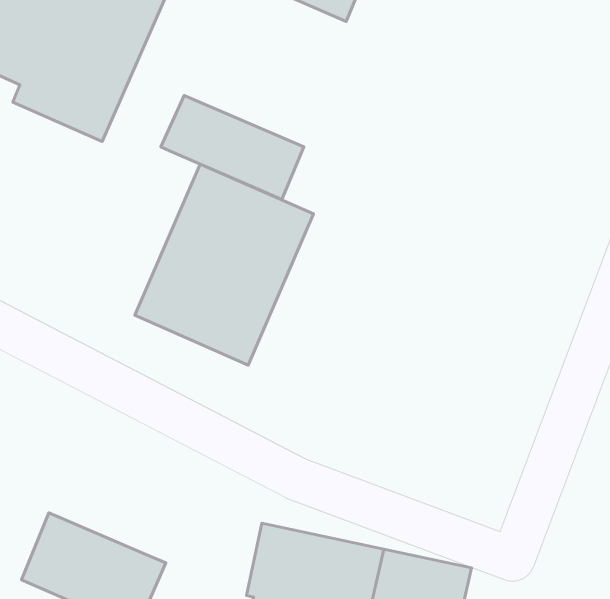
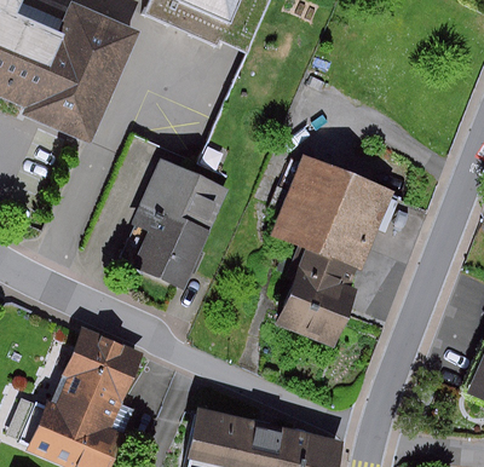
building: [161,96,304,199] -> none
building: none -> [269,151,392,330]
building: none -> [50,324,144,428]

